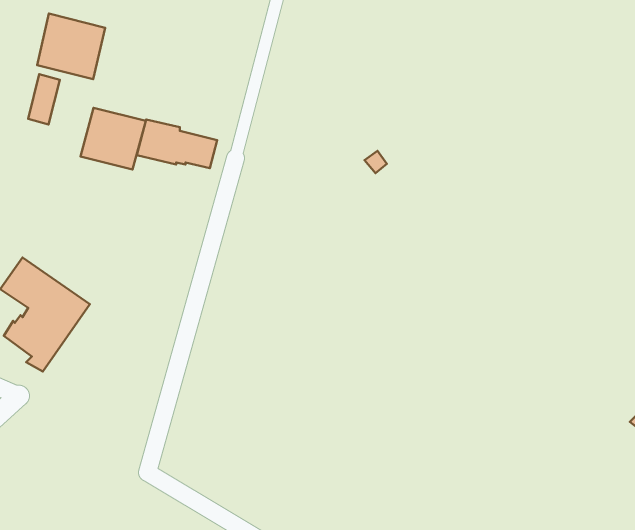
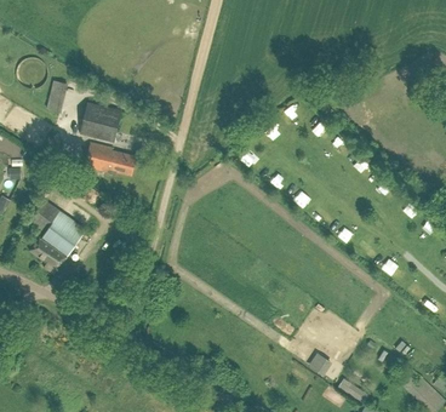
building: [37,14,105,79] -> none
building: [137,120,217,168] -> [84,143,136,174]

